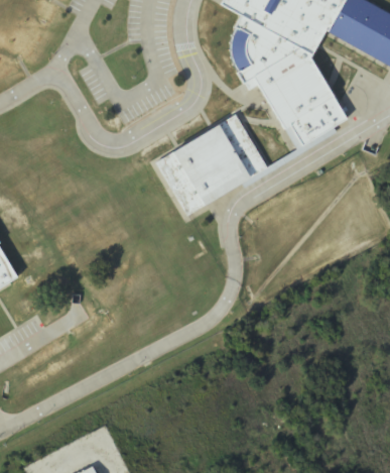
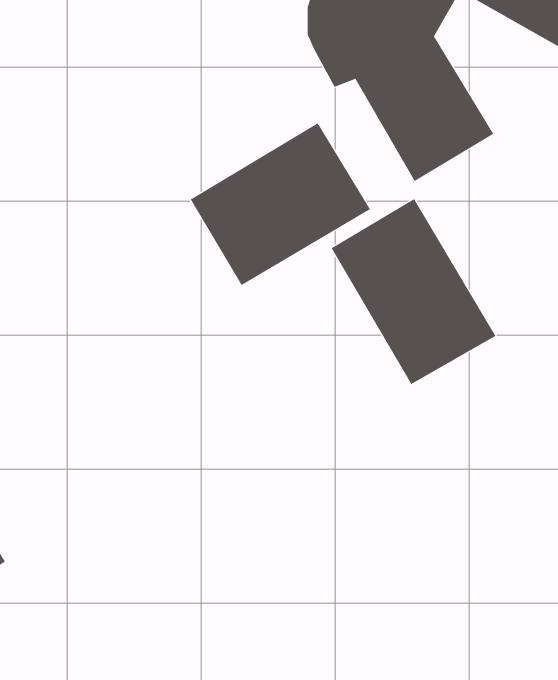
building: none -> [331,198,496,385]

